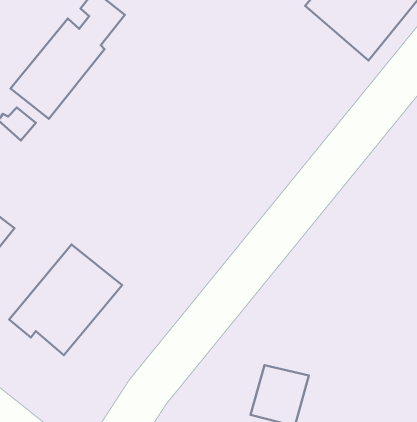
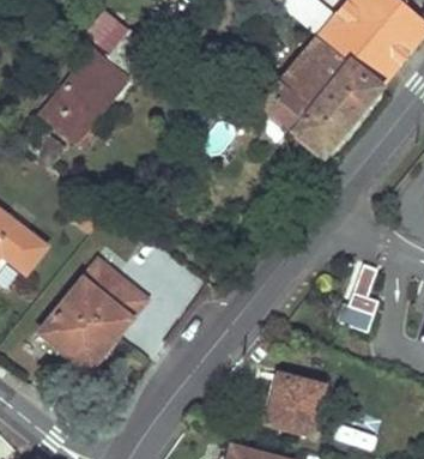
building: none -> [260,36,377,156]
building: none -> [337,264,380,332]

